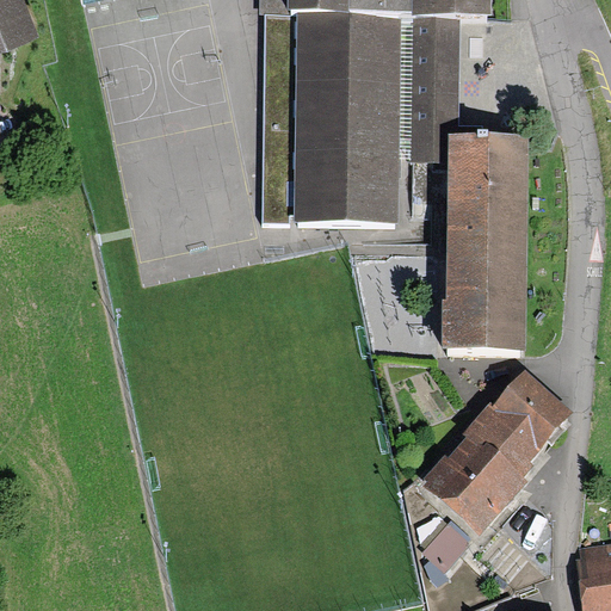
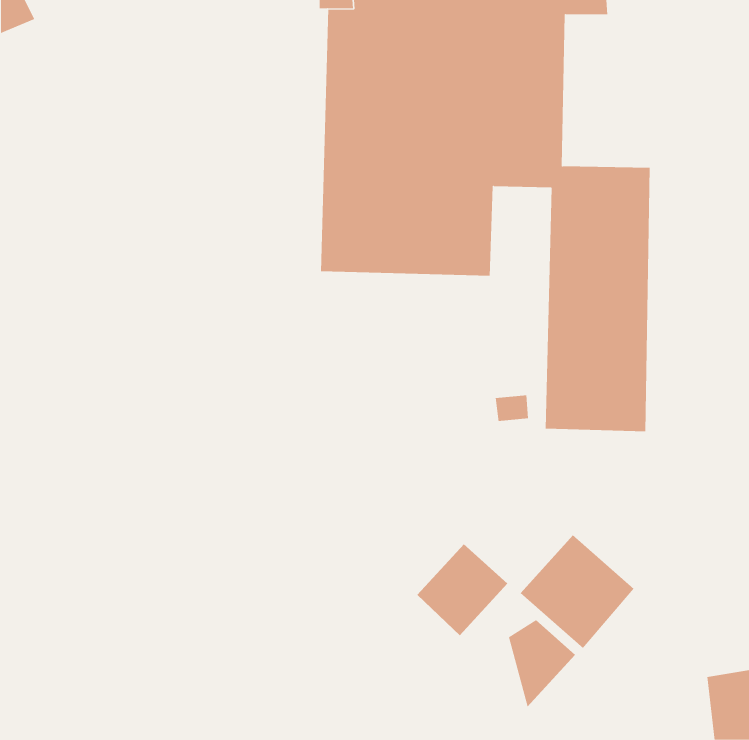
building: [467,370,566,473] -> none
building: none -> [416,544,508,636]

